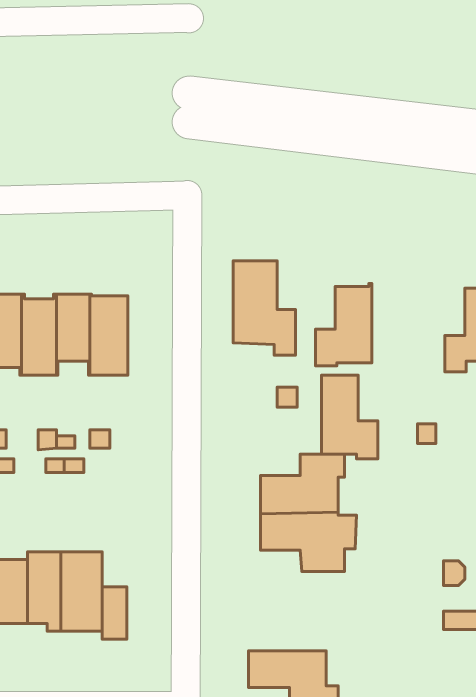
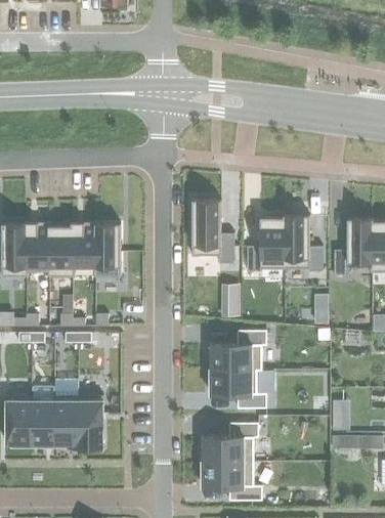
building: [322,375,378,459] -> [284,215,322,271]
building: [102,587,127,639] -> none
building: none -> [201,423,257,462]

